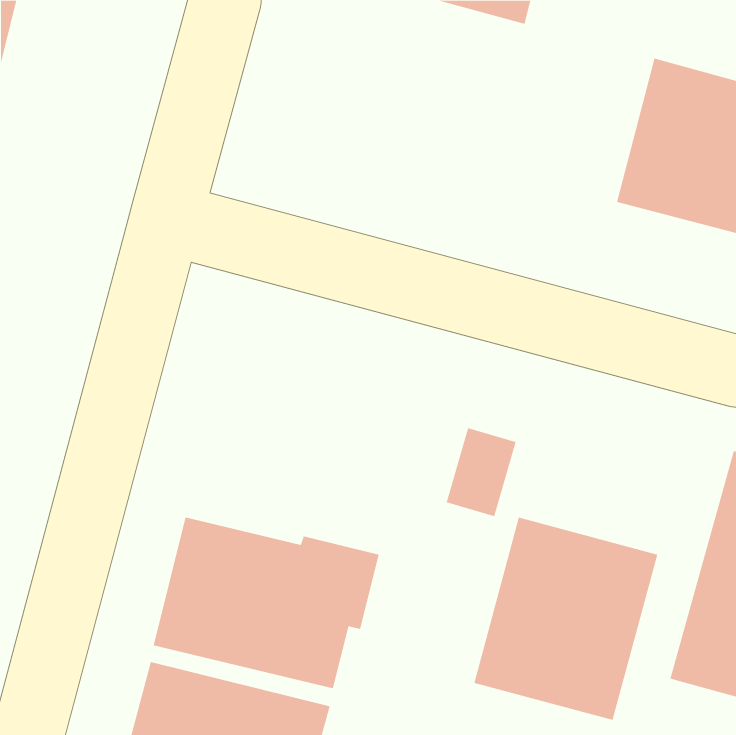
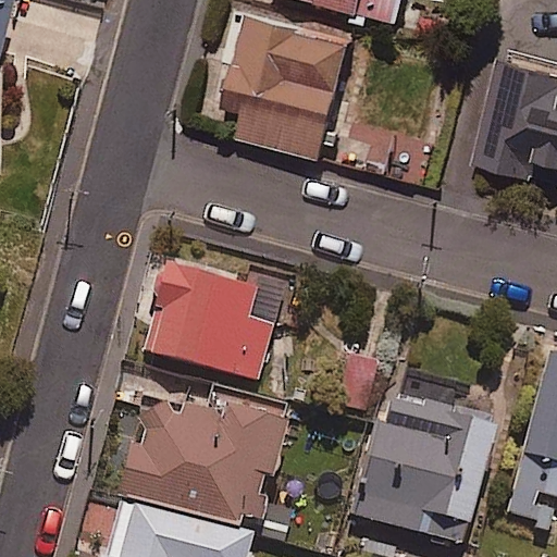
building: none -> [222,9,354,157]
building: none -> [141,260,282,381]

